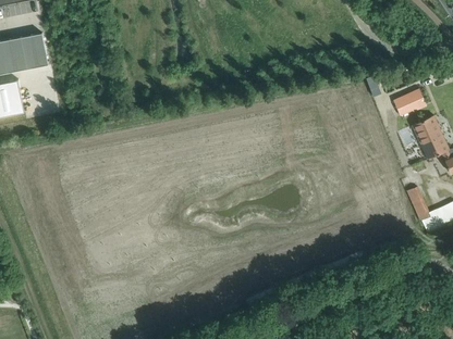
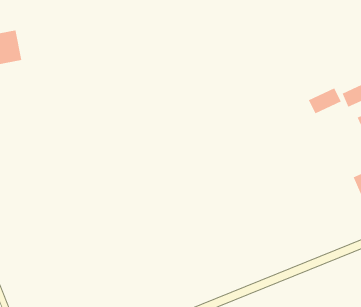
building: none -> [308,88,342,114]

